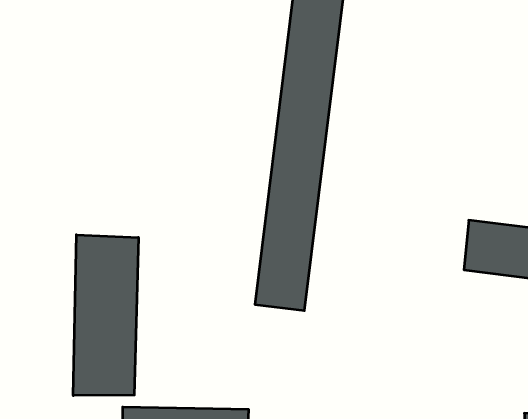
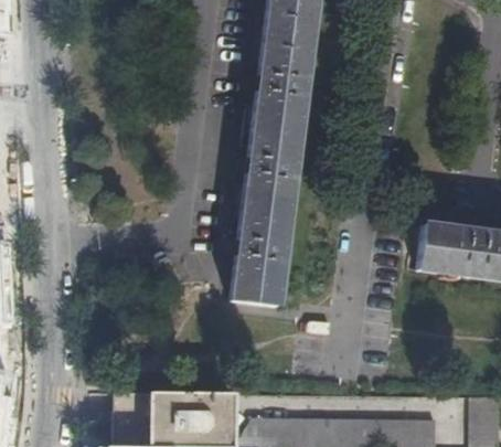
building: [73,235,138,396] -> none

